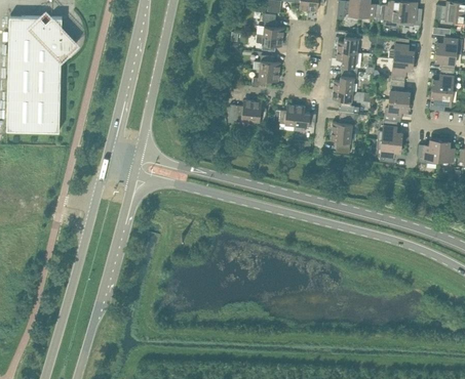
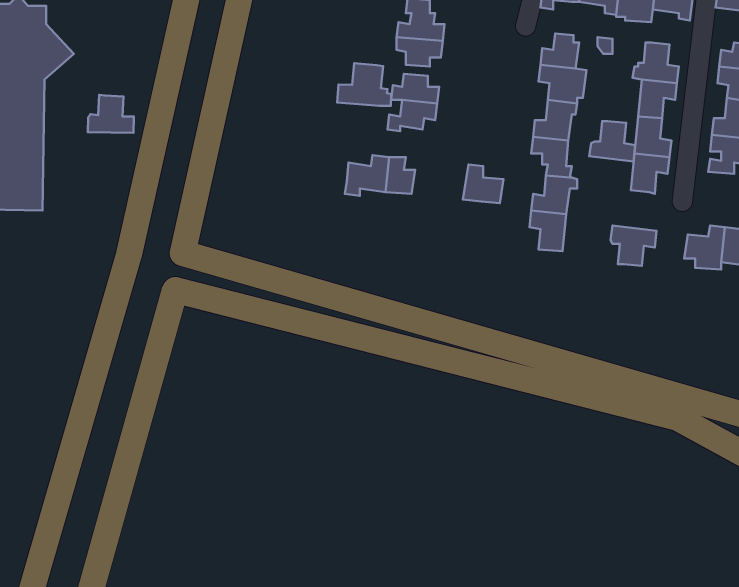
building: none -> [337,63,391,106]
building: none -> [88,95,134,133]
building: [272,104,297,129] -> none
building: [377,120,402,142] -> [589,121,635,162]

